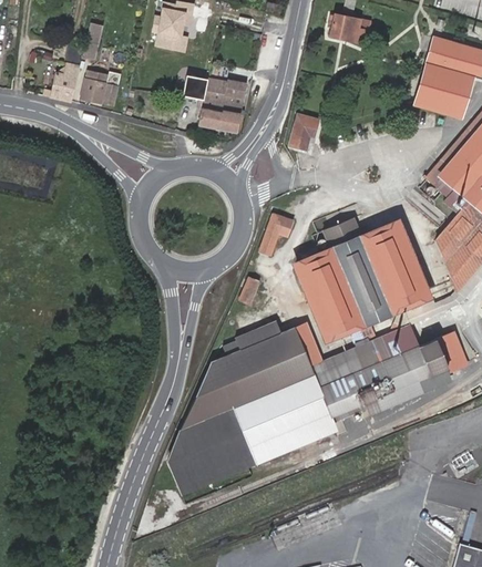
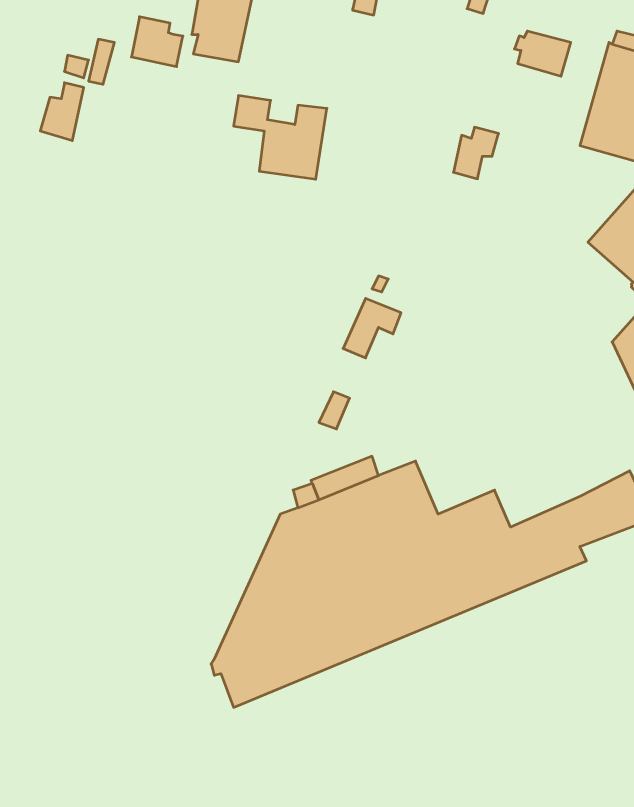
building: [331,17,370,48] -> [514,31,571,76]
building: [80,71,115,105] -> [131,17,183,67]
building: [289,114,320,150] -> [453,127,499,179]
building: [296,221,431,340] -> none
building: [360,322,419,369] -> none

